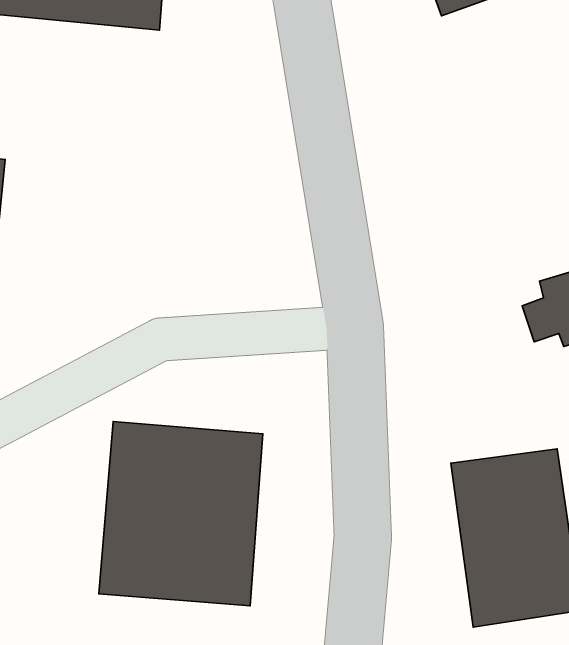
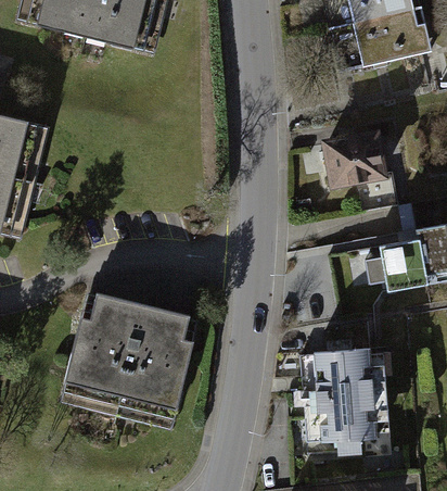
building: none -> [319,130,387,191]

